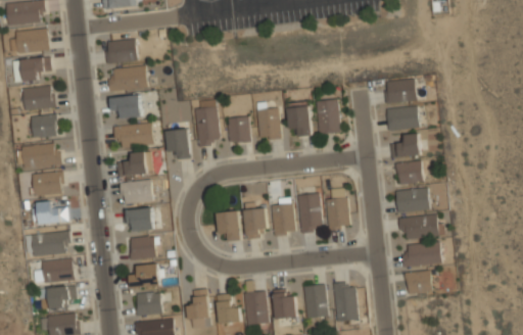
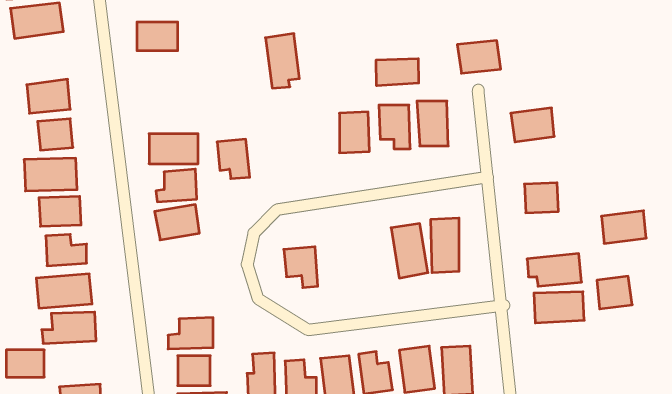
building: [13,57,51,78] -> none
building: [108,67,146,91] -> none
building: none -> [376,59,419,86]
building: [384,79,417,103] -> [457,41,501,73]
building: [110,97,140,118] -> none
building: [194,106,220,147] -> [265,34,299,88]
building: [227,117,249,143] -> none
building: [390,134,420,157] -> none
building: [395,188,429,212] -> [601,211,646,243]
building: [243,201,267,239] -> none
building: [271,201,295,236] -> none
building: [126,206,153,231] -> none
building: [129,235,155,258] -> none
building: [406,270,432,294] -> [597,276,632,309]
building: [47,286,76,306] -> [6,350,44,377]

